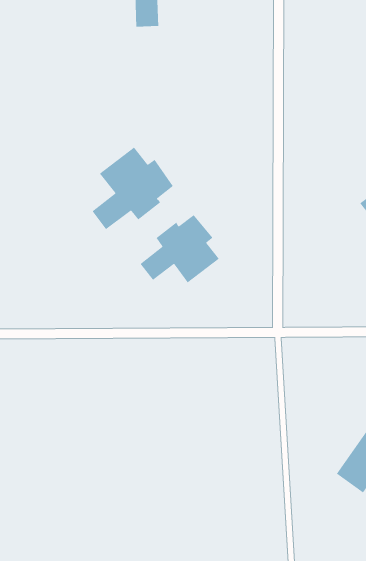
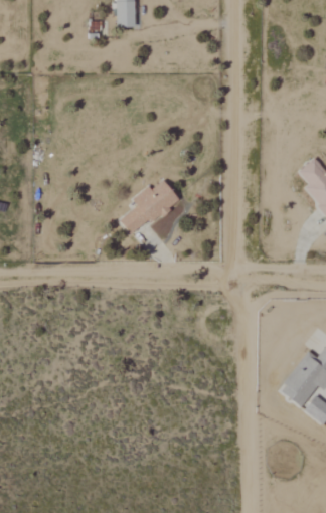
building: [92,146,174,230] -> none

